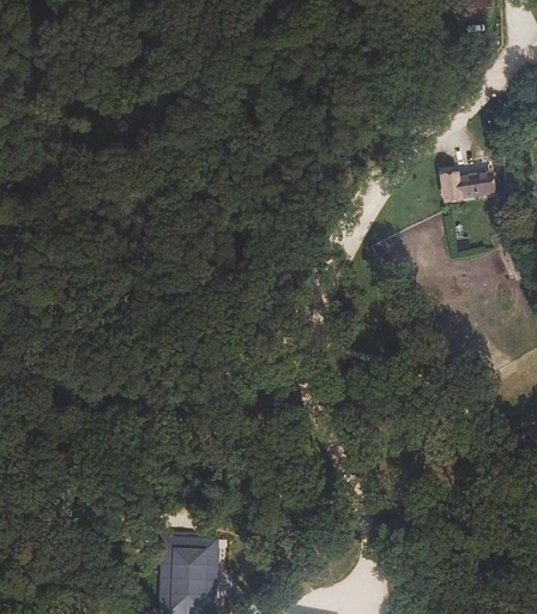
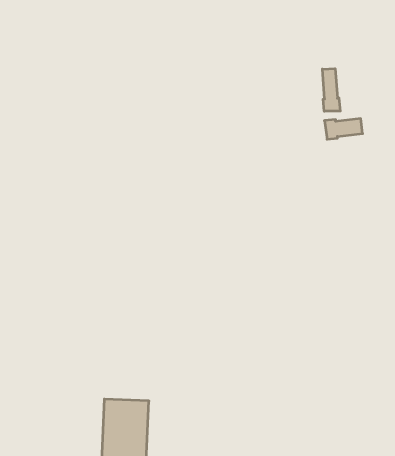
building: none -> [322,69,340,111]

